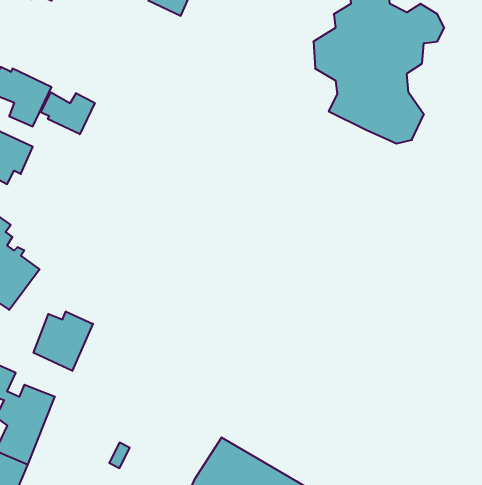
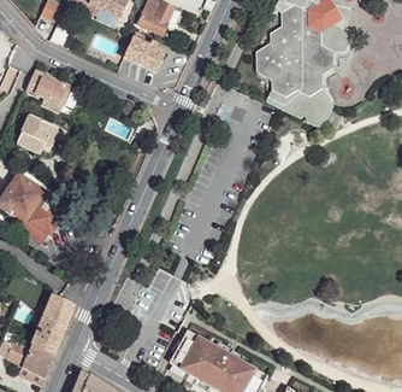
building: none -> [125,29,166,70]
building: [41,92,95,134] -> none
building: [34,311,93,371] -> none

